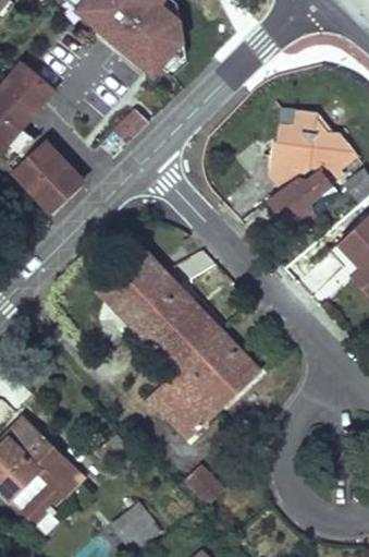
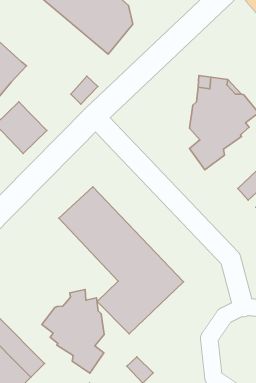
building: none -> [42,289,104,373]

